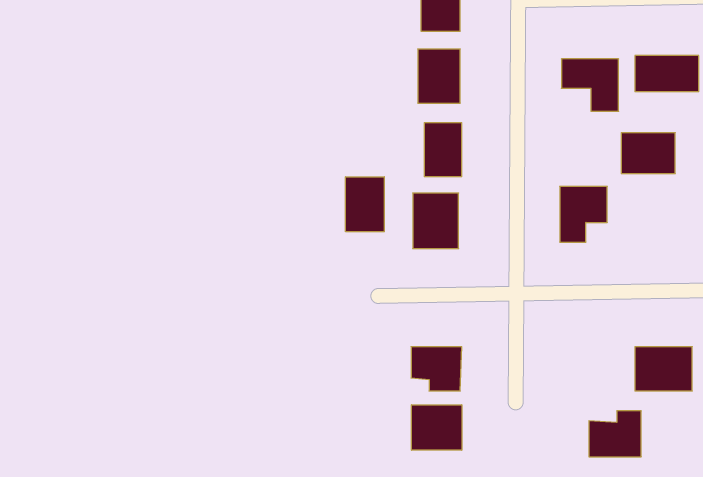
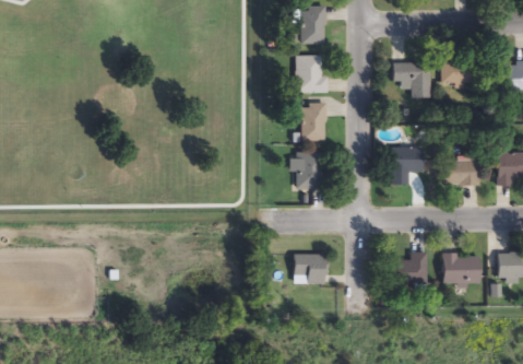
building: [621,133,675,174] -> [443,158,479,186]
building: [346,177,384,232] -> none
building: [412,405,462,450] -> none
building: [589,411,641,457] -> [392,254,427,284]

